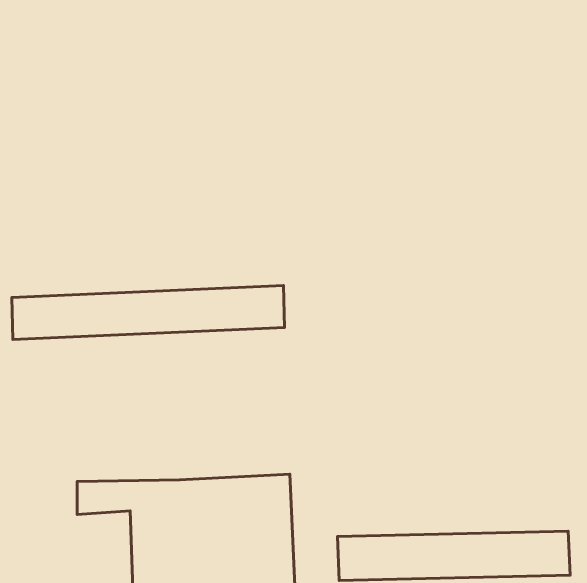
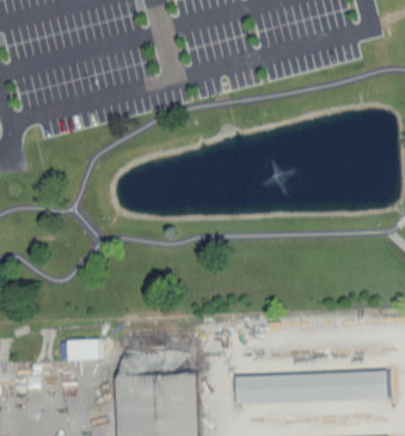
building: [12,285,285,340] -> none

